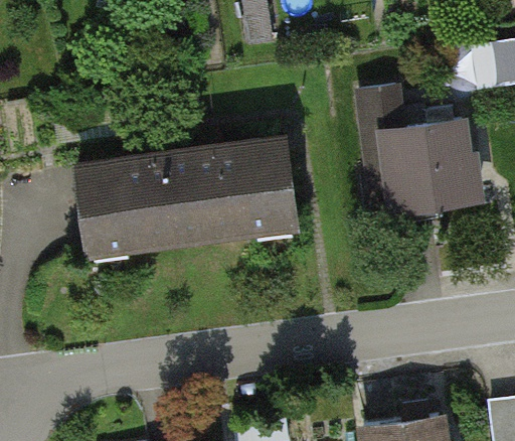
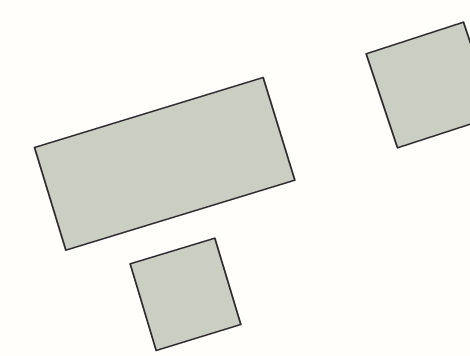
building: none -> [130,238,241,350]

